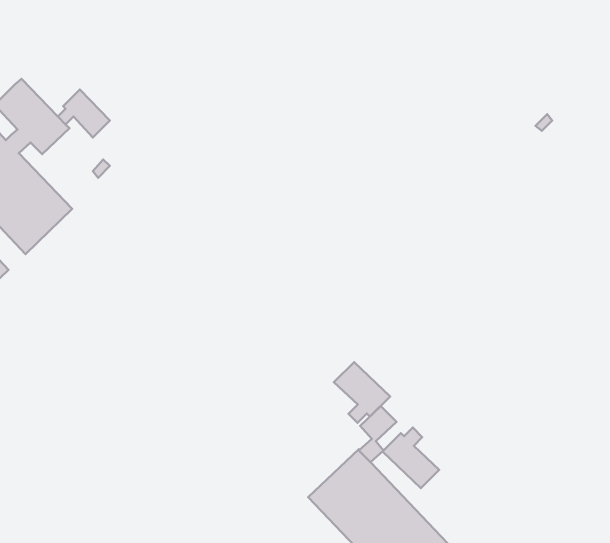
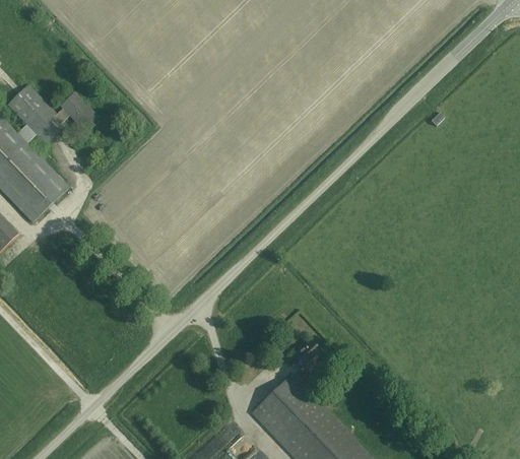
building: [334,362,390,423] -> none
building: [382,428,439,488] -> none

